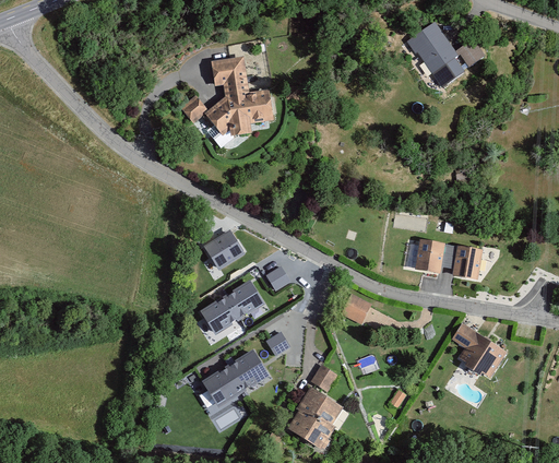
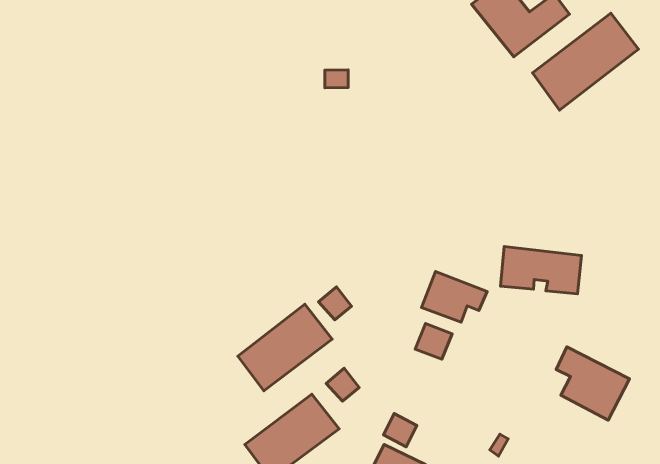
building: [180,54,275,136] -> none
building: none -> [533,13,638,110]
building: [209,225,250,264] -> none
building: none -> [422,271,487,322]

